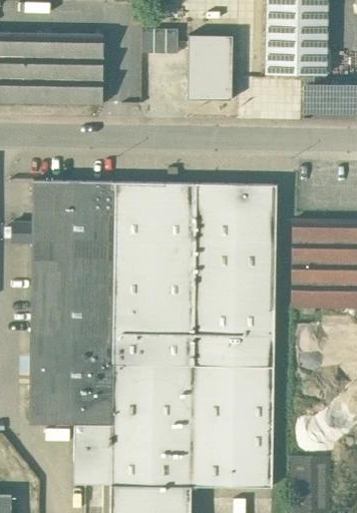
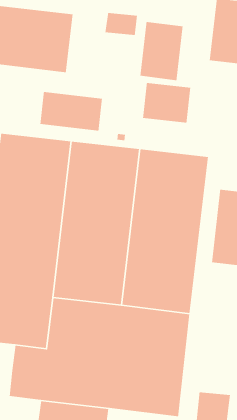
building: none -> [142,82,191,124]
building: none -> [39,91,103,132]

